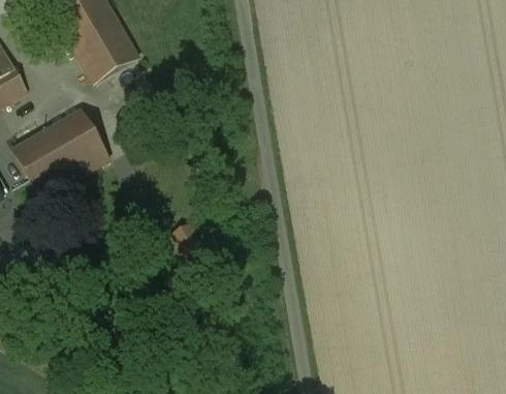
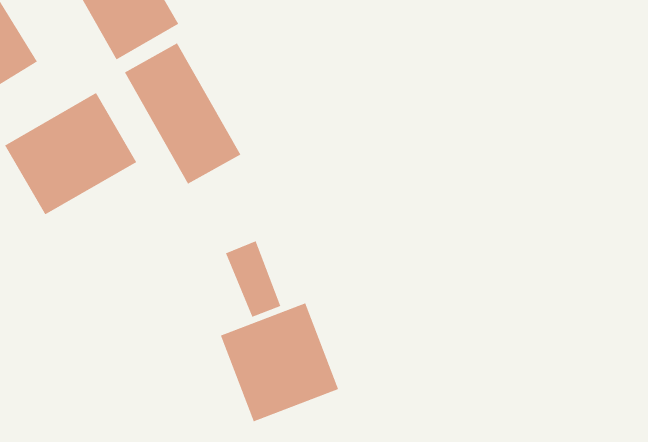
building: none -> [124,43,241,184]
building: none -> [220,302,339,422]

